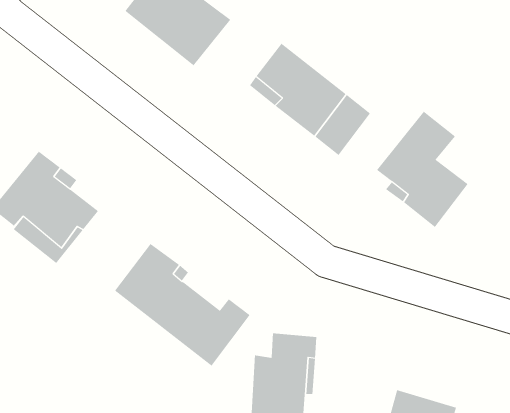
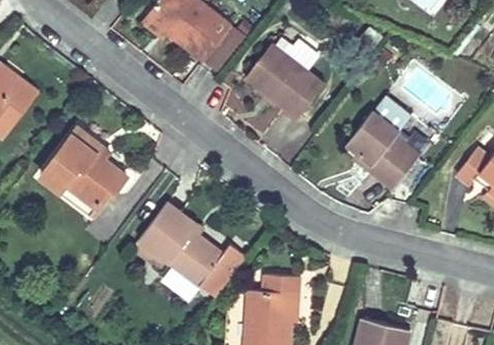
building: none -> [202,24,248,74]

